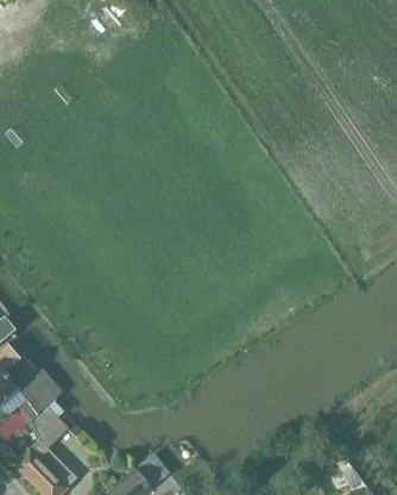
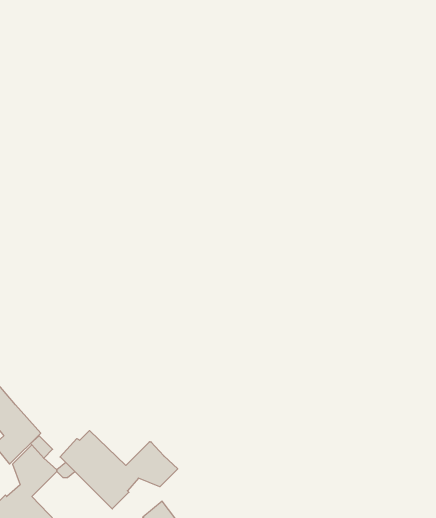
building: none -> [60,431,178,509]

